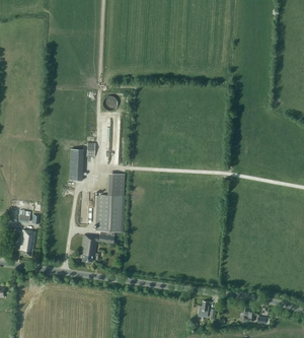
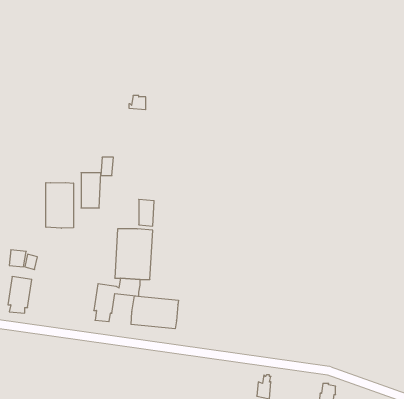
building: none -> [46,183,73,228]
building: none -> [131,296,178,329]

